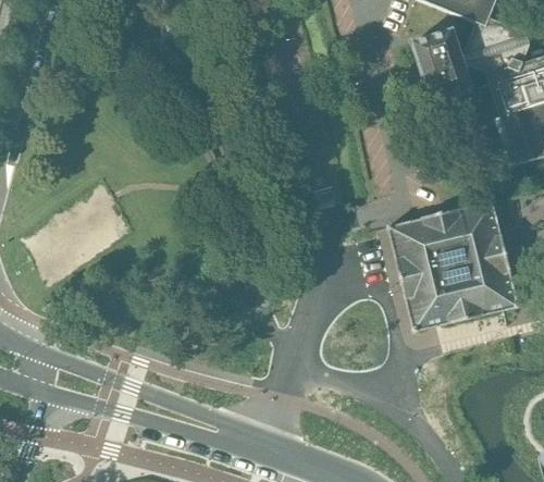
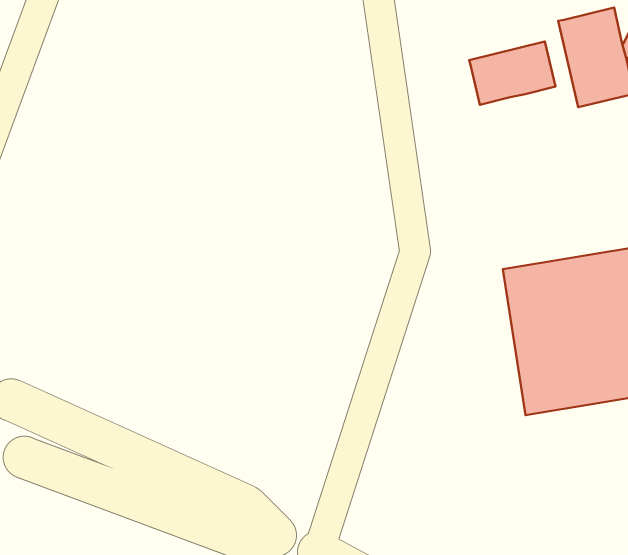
building: none -> [469,42,556,105]

